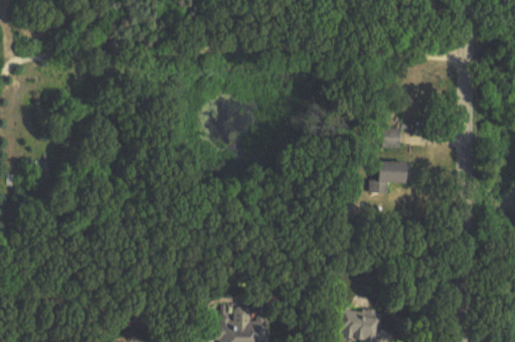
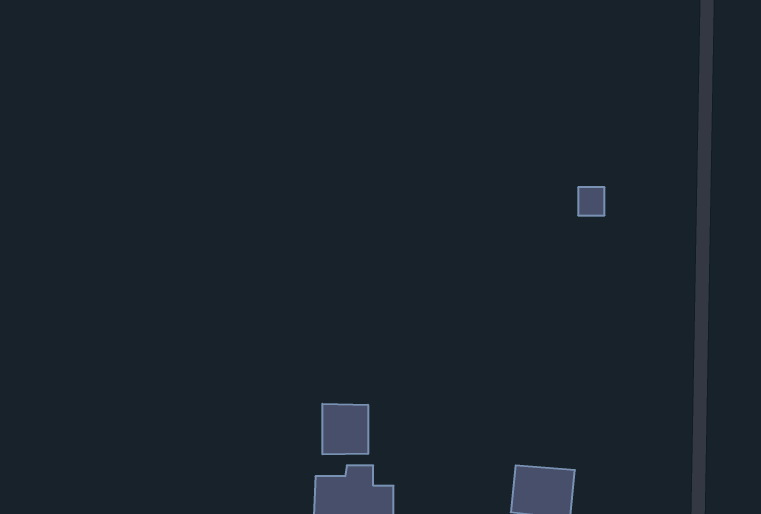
building: [370,160,411,193] -> none
building: none -> [322,404,368,454]

